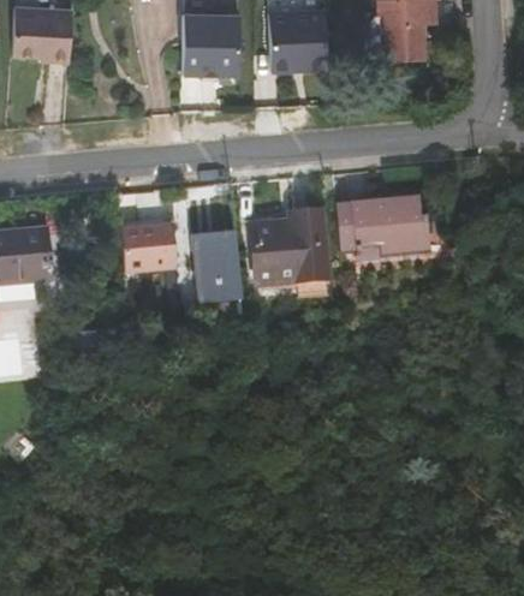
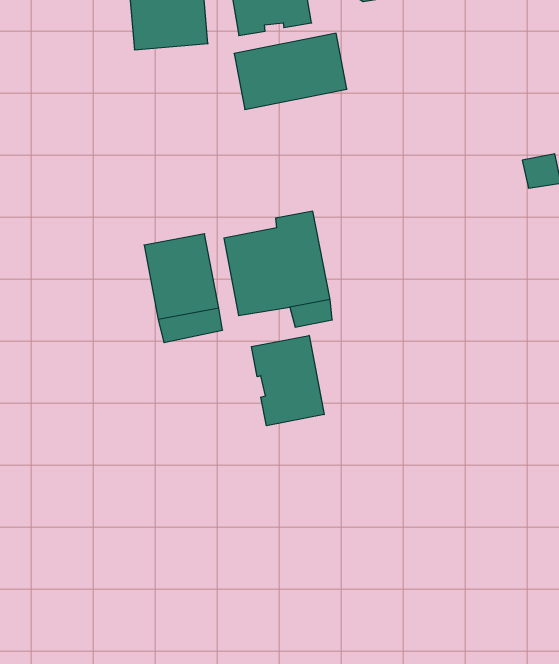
building: [333,196,416,246] -> [234,33,347,109]
building: [120,224,177,279] -> none
building: none -> [251,335,324,426]

